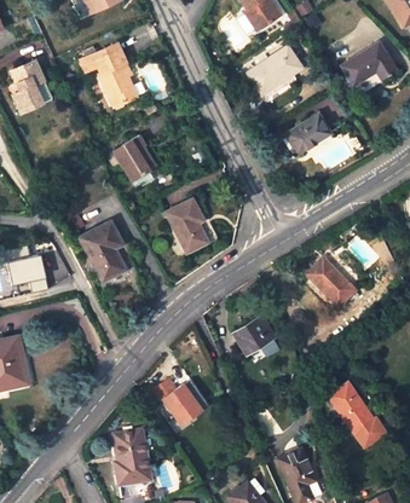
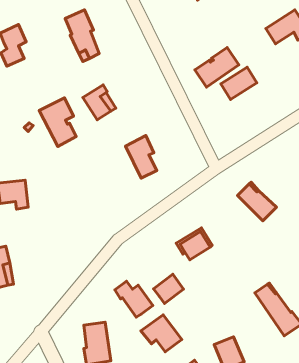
building: [248,45,302,94] -> [195,47,239,87]
building: [80,221,126,282] -> [39,98,76,146]
building: none -> [154,274,184,303]
building: none -> [141,315,182,352]

